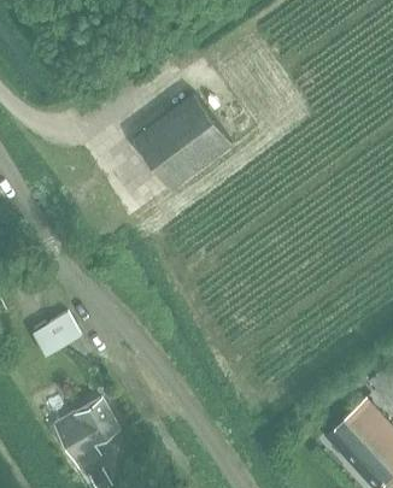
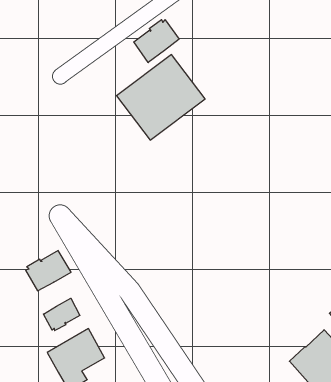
building: none -> [134,20,179,63]
building: none -> [43,298,80,331]

